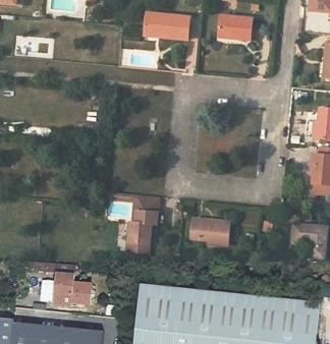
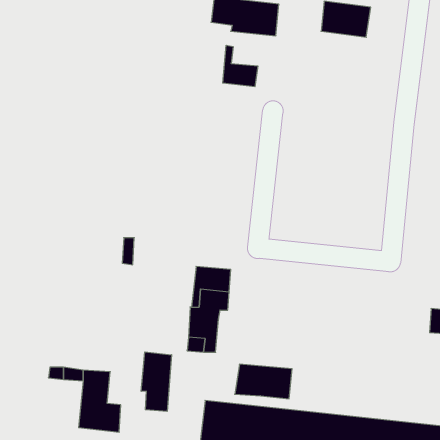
building: none -> [223,45,258,87]
building: [189,218,228,241] -> [235,364,292,399]
building: none -> [141,352,172,411]

